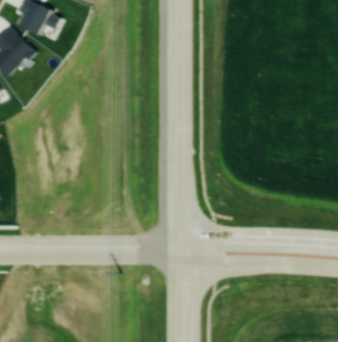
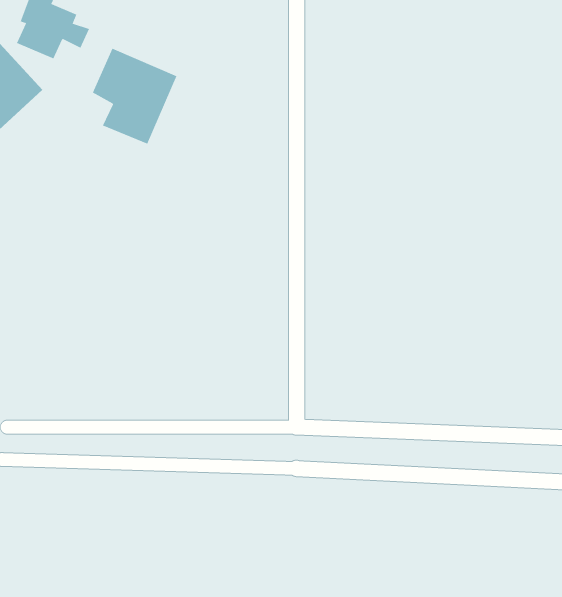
building: none -> [92,48,177,144]

